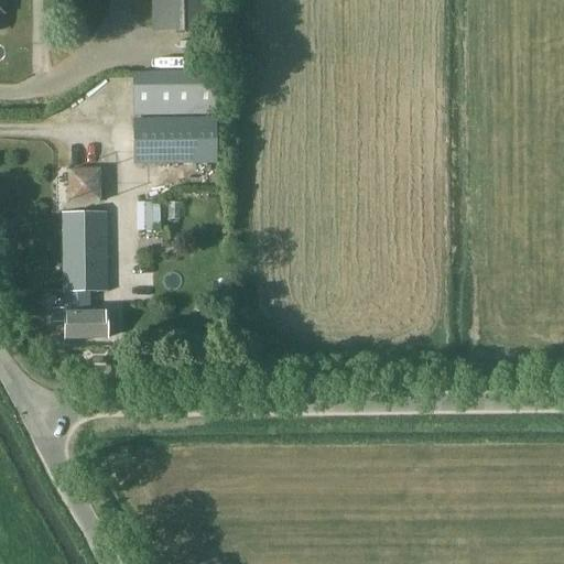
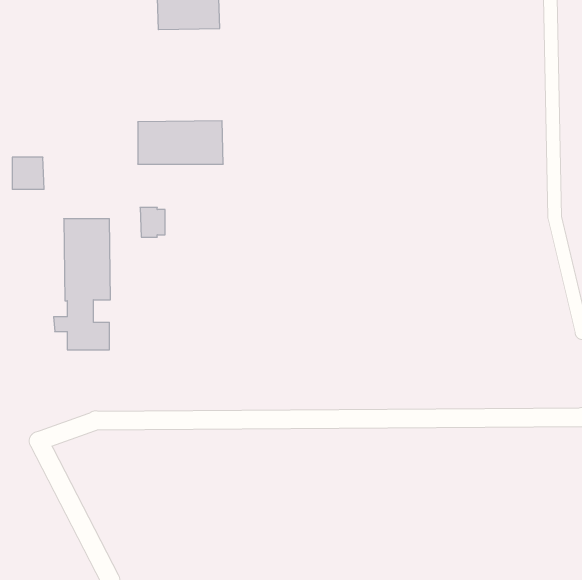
building: [133,70,215,113] -> none
building: [69,169,100,199] -> [12,157,44,189]

